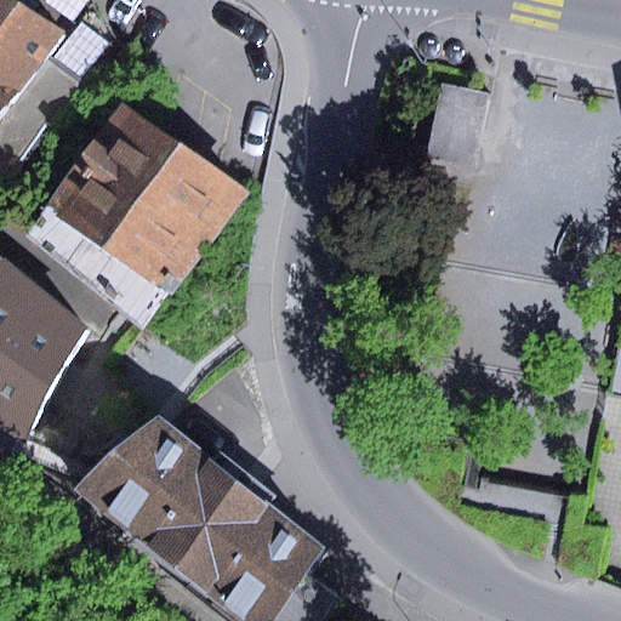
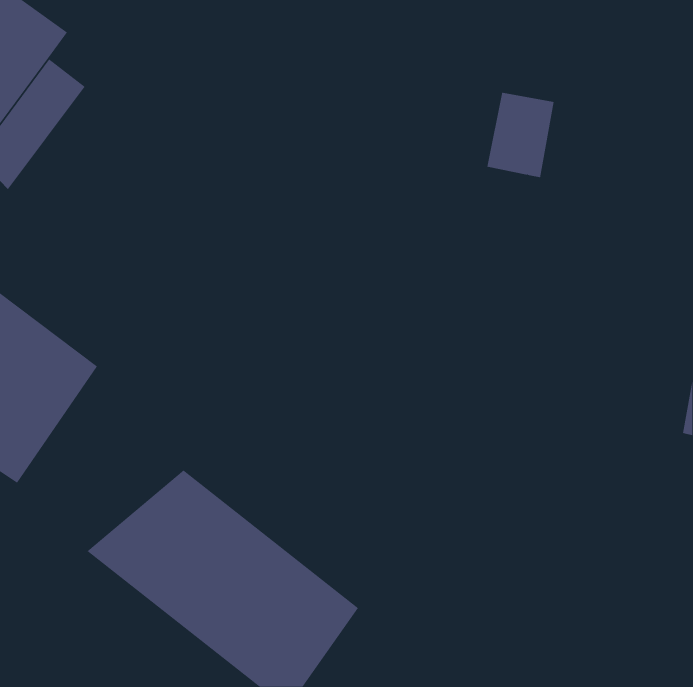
building: [25,98,245,327] -> none

